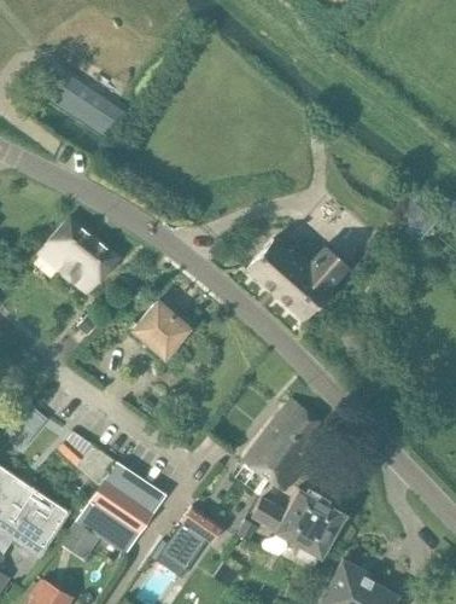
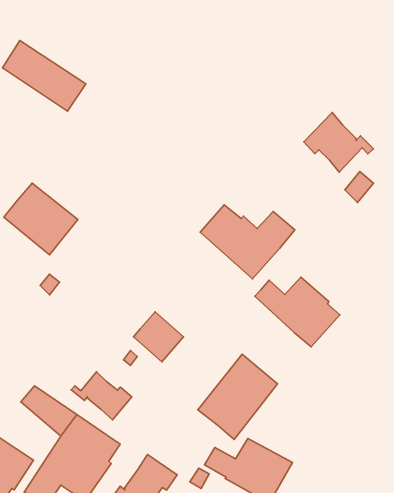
building: none -> [304,113,373,172]
building: [134,302,187,355] -> [133,312,184,362]
building: none -> [255,277,340,347]
building: none -> [71,372,132,420]

